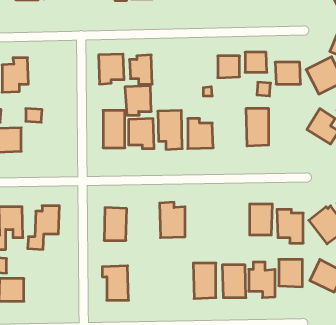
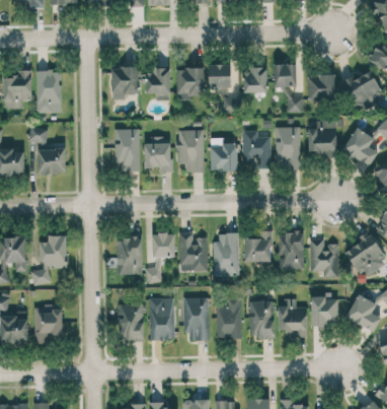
building: none -> [209,64,230,94]
building: none -> [35,70,61,113]
building: [125,86,151,115] -> [175,67,205,99]
building: none -> [307,120,336,157]
building: none -> [242,130,270,167]
building: none -> [36,148,66,174]
building: none -> [244,230,273,262]
building: none -> [146,232,175,282]
building: none -> [213,232,239,276]
building: none -> [149,297,174,340]
building: none -> [182,297,209,340]
building: none -> [33,305,63,344]

